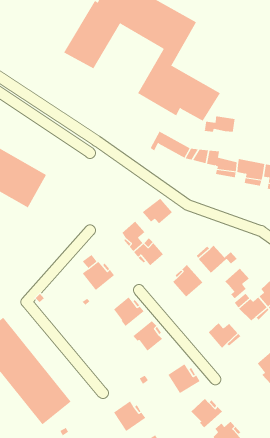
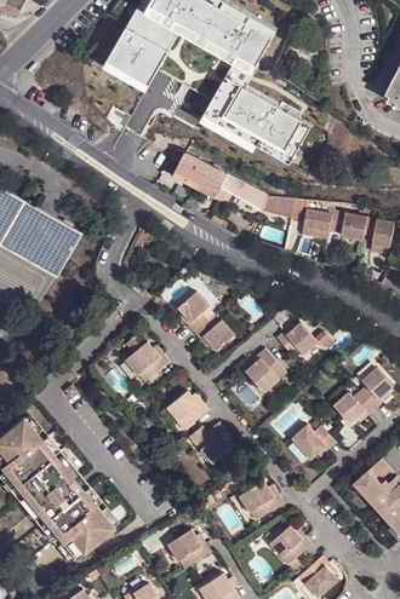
building: none -> [173,152,228,198]
building: [204,115,235,133] -> none
building: [142,198,173,224] -> none
building: [225,268,250,299] -> none

